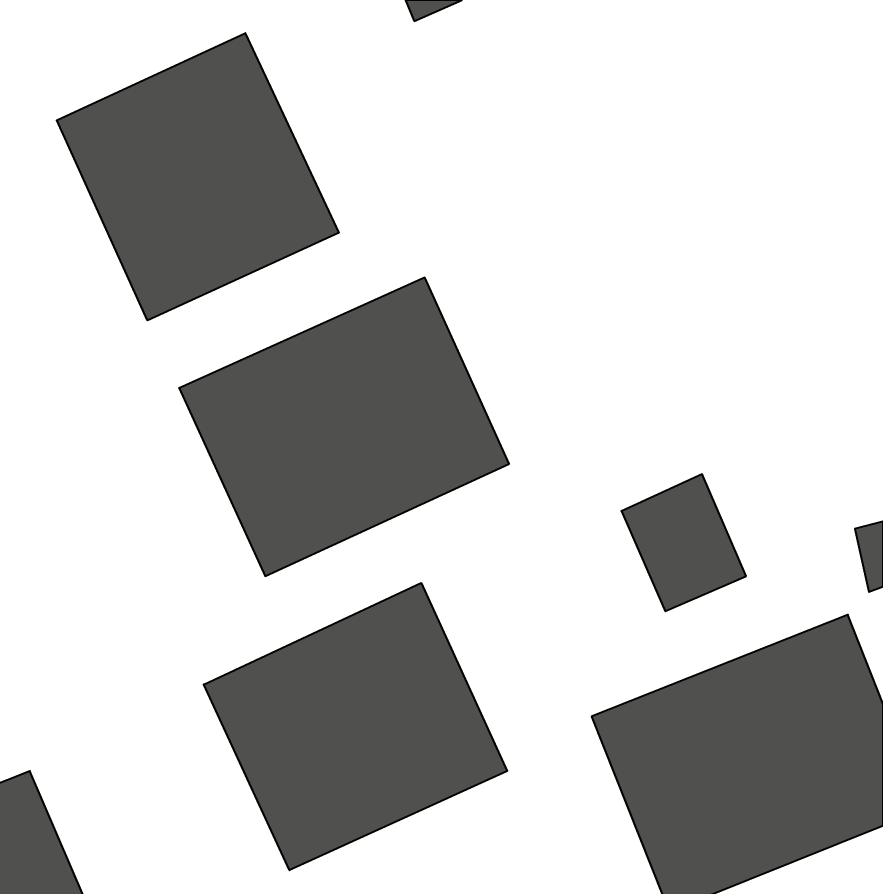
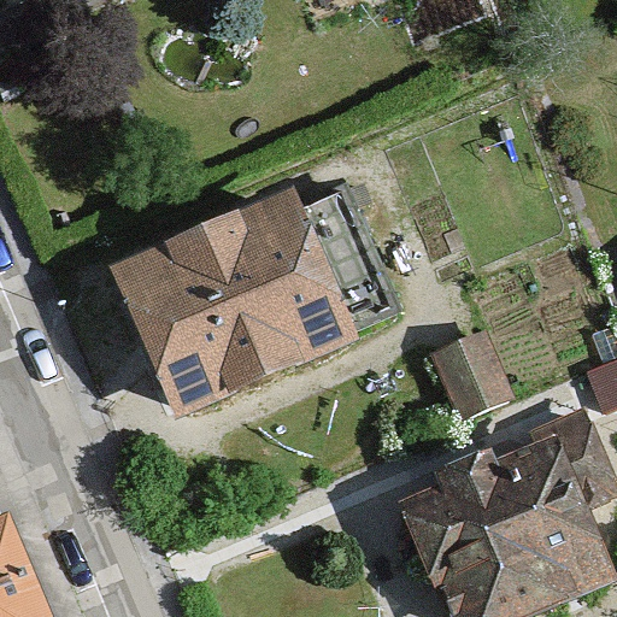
building: [57,33,339,320] -> none
building: [204,583,507,870] -> none

